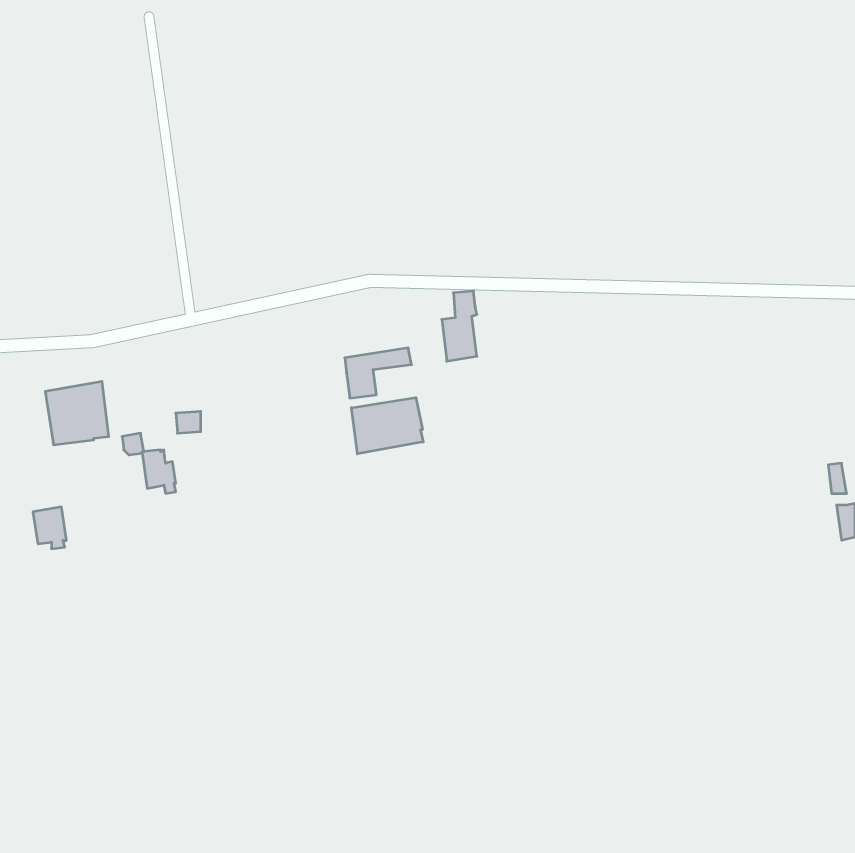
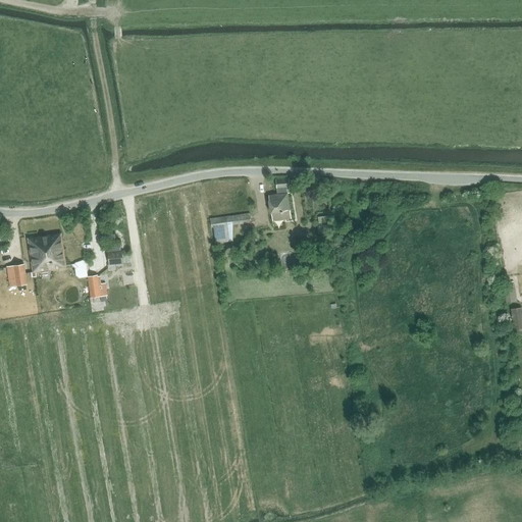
building: [351,398,423,454] -> none
building: [33,507,66,549] -> [7,264,28,290]

